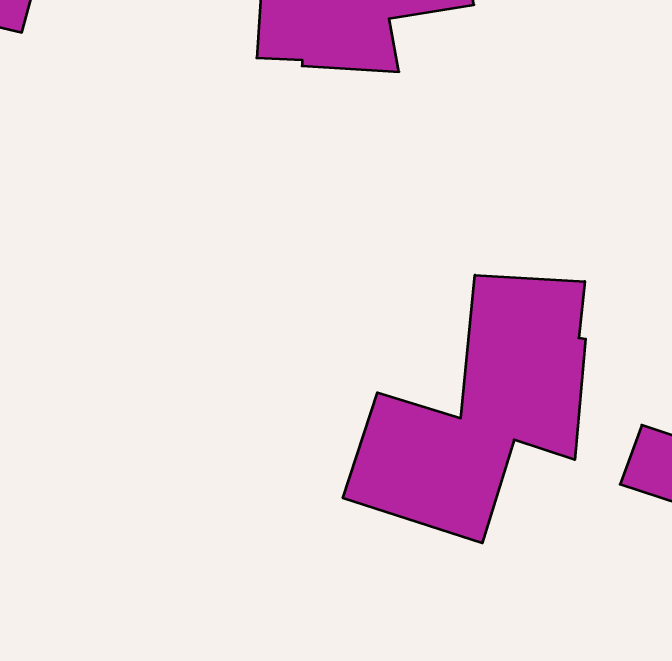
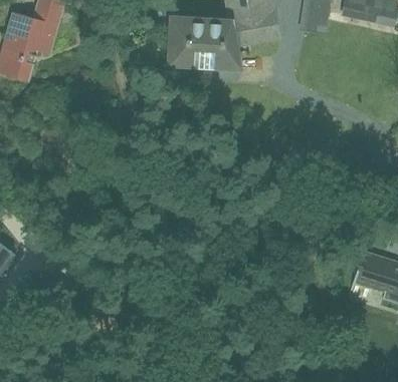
building: [343,275,586,543] -> none

